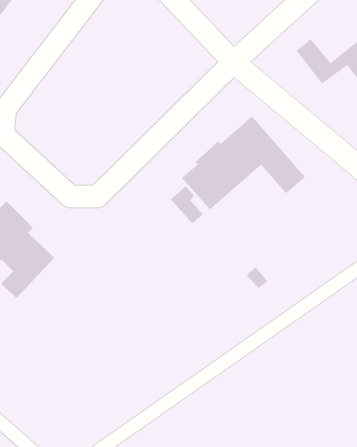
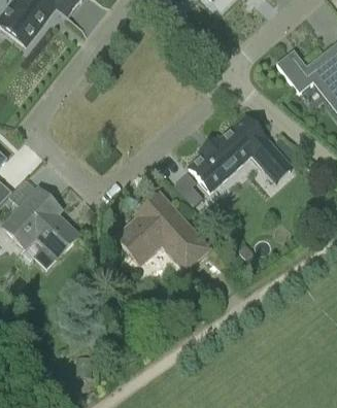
building: none -> [116,193,210,270]

